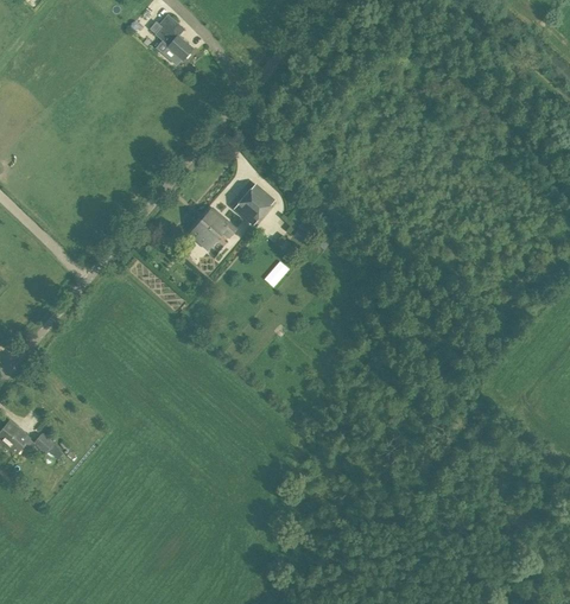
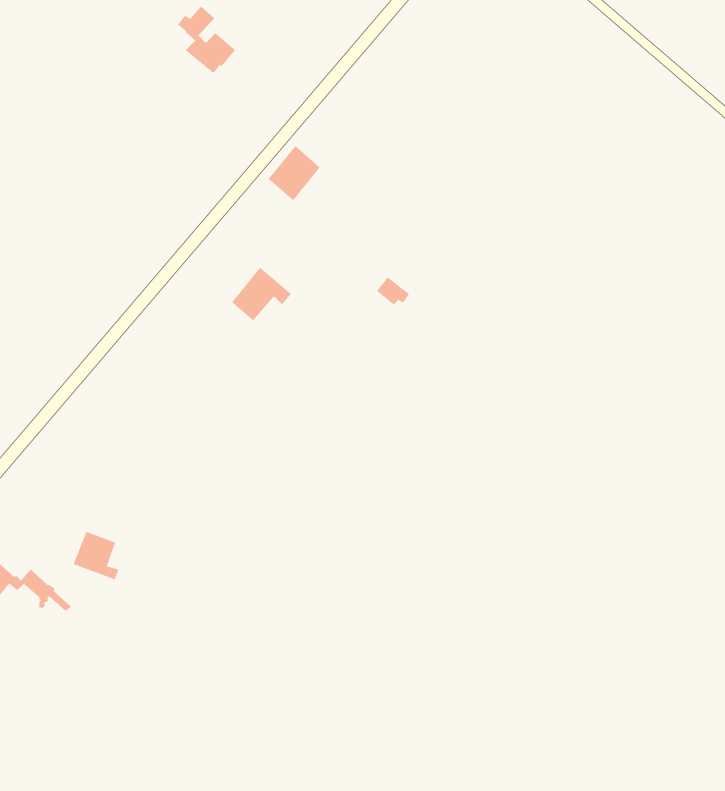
building: [234,183,273,224] -> [268,145,321,201]
building: none -> [73,531,119,580]

